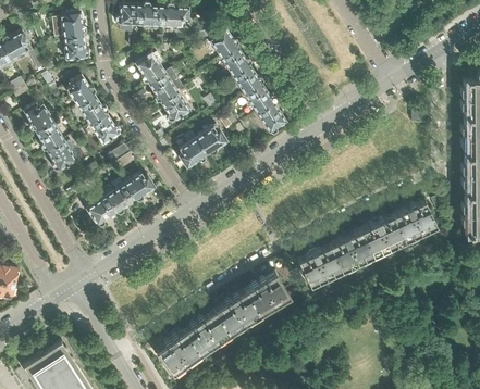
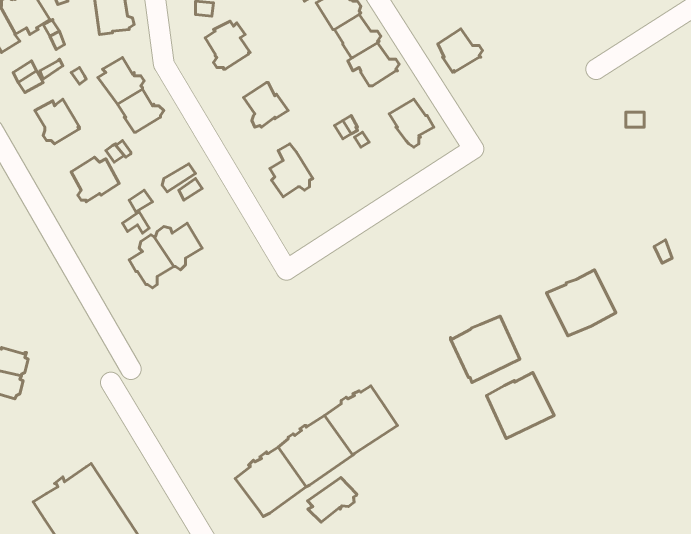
building: [149,68,184,102] -> none
building: [246,85,275,113] -> [438,29,482,72]
building: [90,115,121,145] -> none
building: [37,123,64,151] -> none
building: [196,125,226,155] -> none
building: [124,173,155,202] -> none
building: [392,200,438,243] -> none
building: [330,230,374,274] -> [486,372,554,439]
building: [245,273,291,317] -> none
building: none -> [308,477,357,522]

